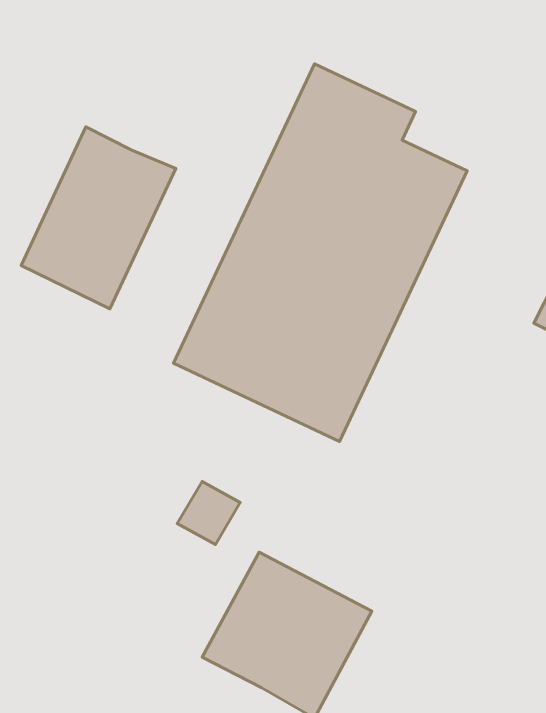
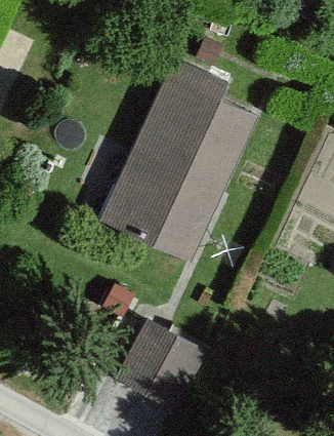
building: [21,127,176,309] -> none

